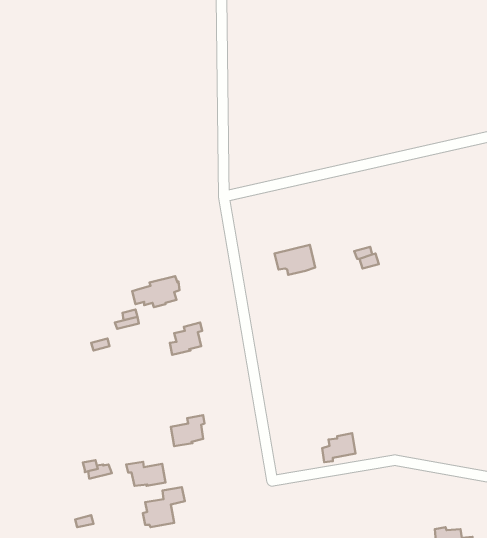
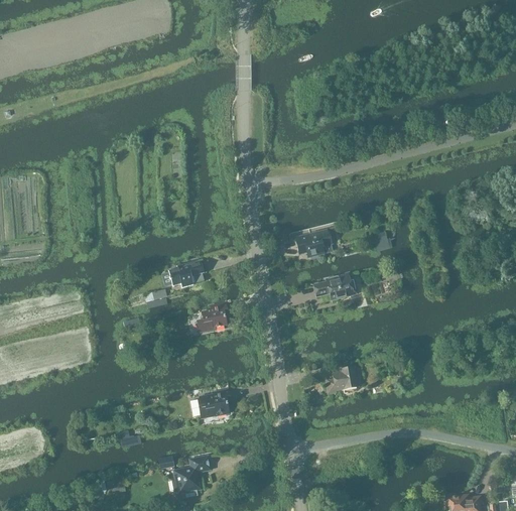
building: none -> [313,275,359,300]
building: [322,433,355,462] -> [326,367,357,394]
building: [126,462,166,486] -> none

